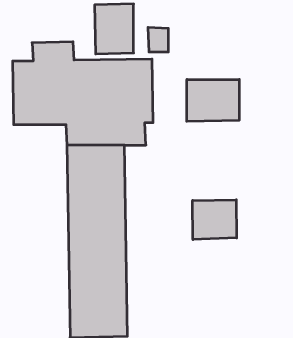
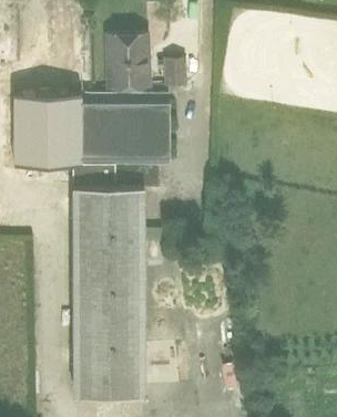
building: [187,79,239,121] -> none
building: [193,200,237,240] -> none

